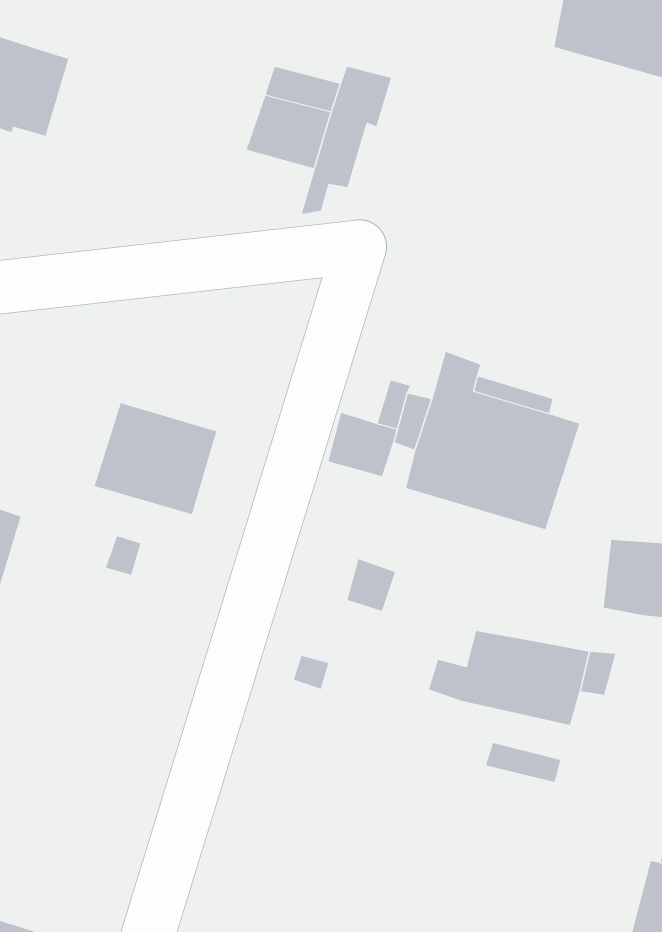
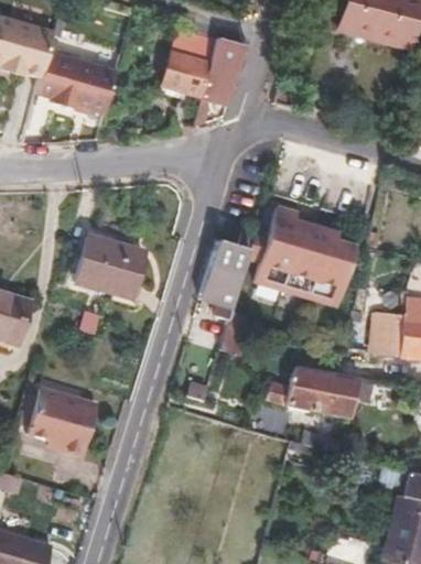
building: none -> [42,53,120,112]
building: none -> [202,268,241,321]
building: none -> [29,387,98,454]

